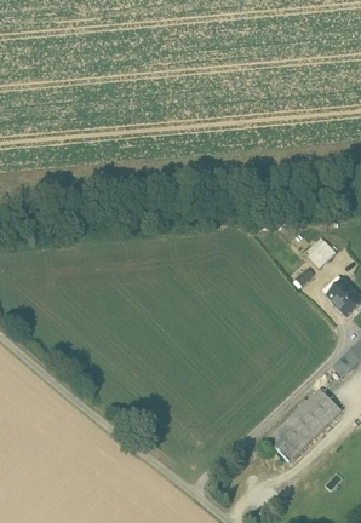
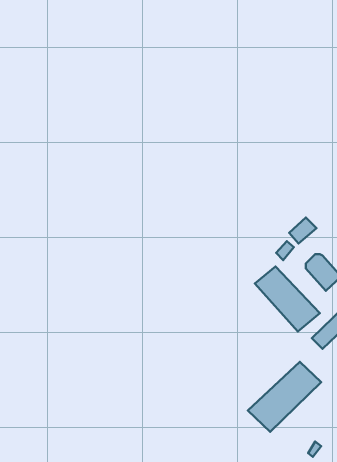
building: none -> [255,266,320,332]

